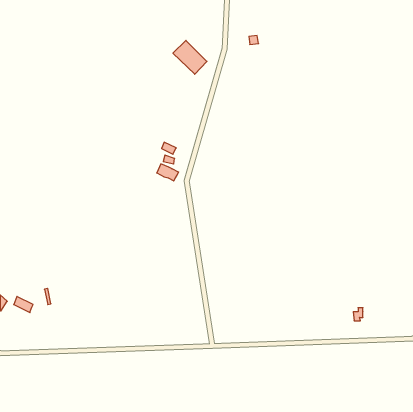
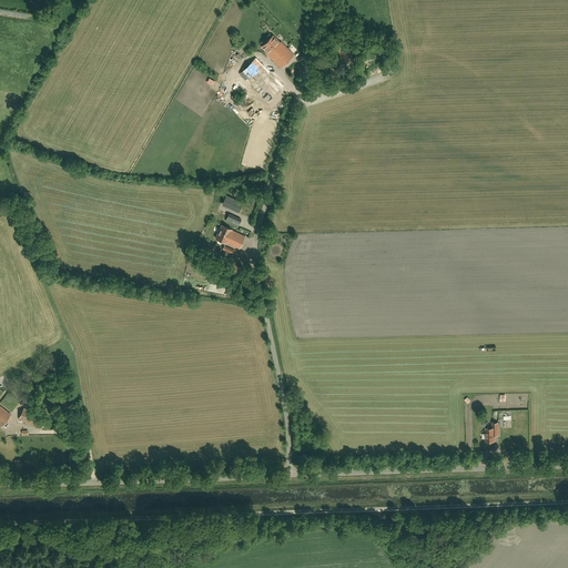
building: none -> [261,36,294,69]

